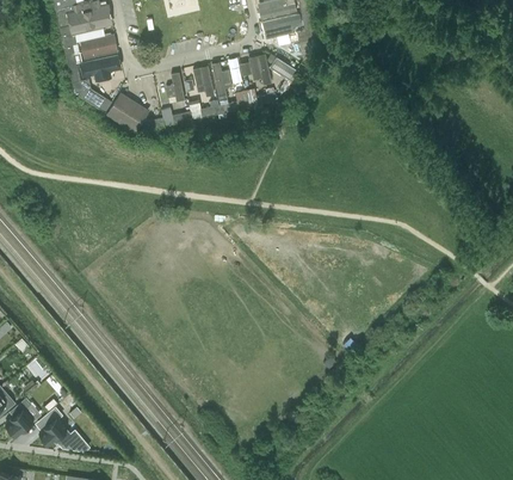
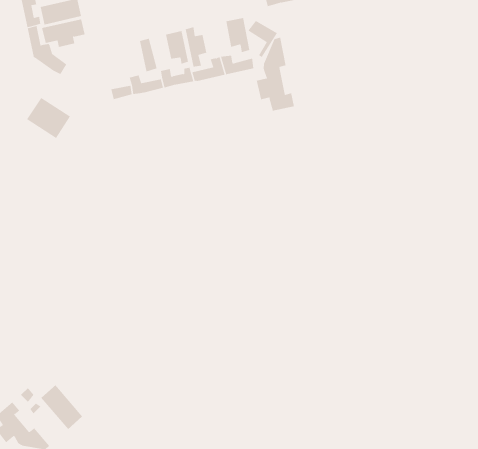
building: none -> [256,37,294,111]
building: [106,93,147,131] -> [26,97,71,139]
building: none -> [40,384,83,430]

